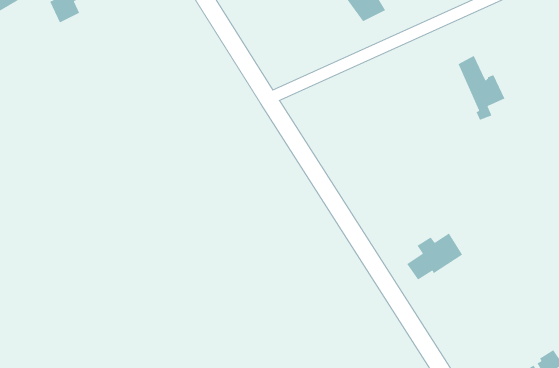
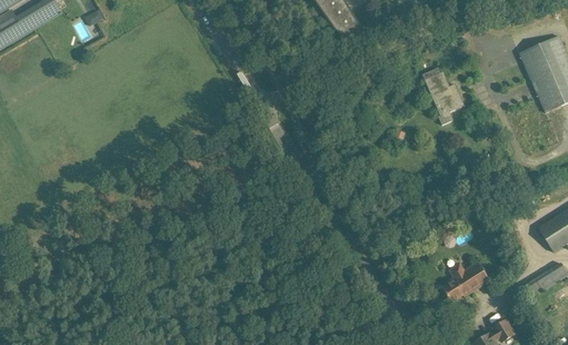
building: [406,233,463,281] -> [441,260,490,302]

